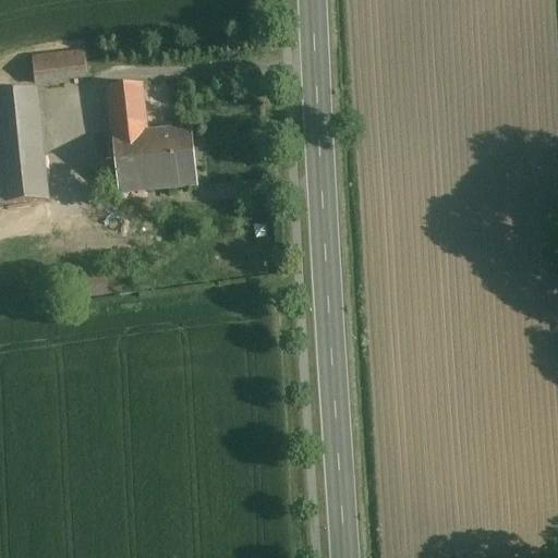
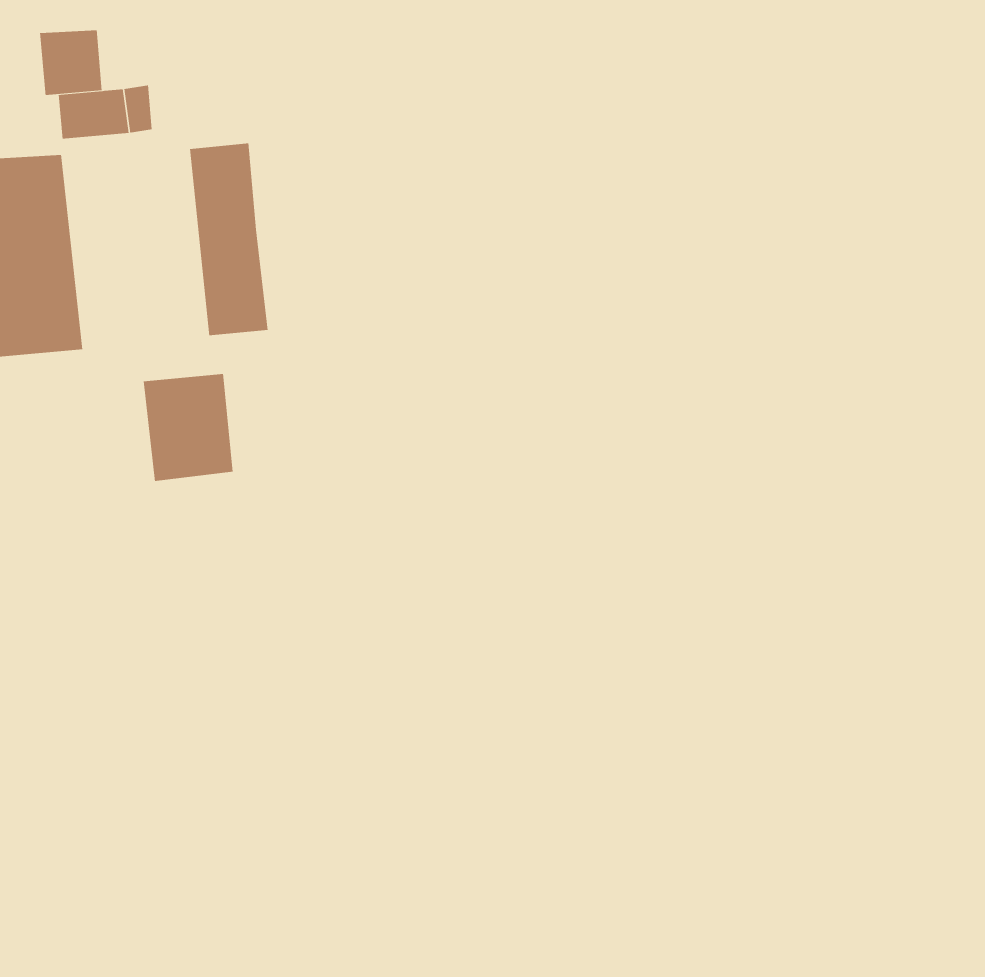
building: none -> [40,29,102,96]
building: [145,125,196,186] -> [143,373,234,481]

